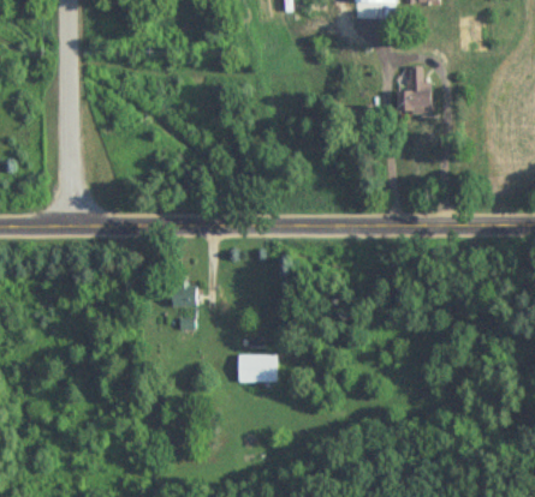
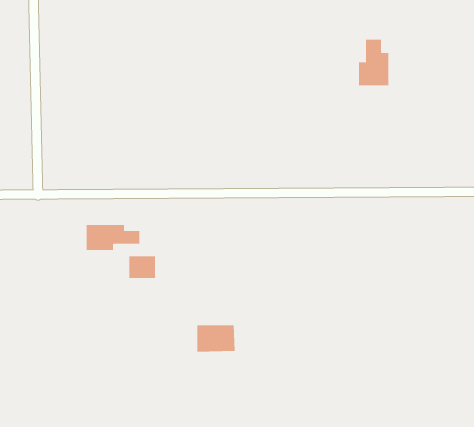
building: none -> [86,224,140,251]

